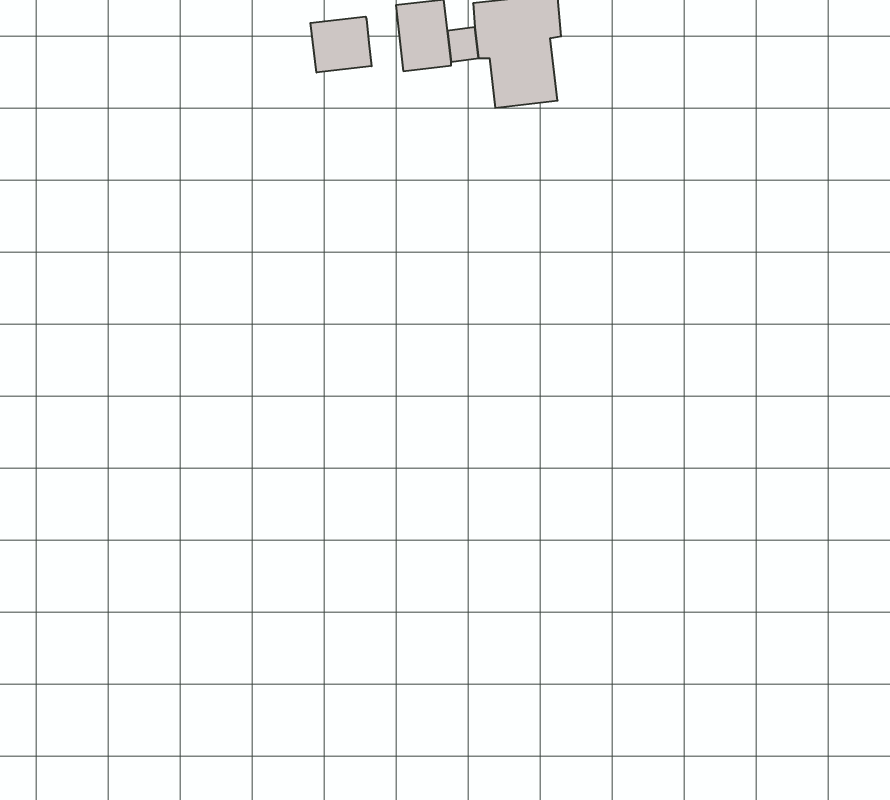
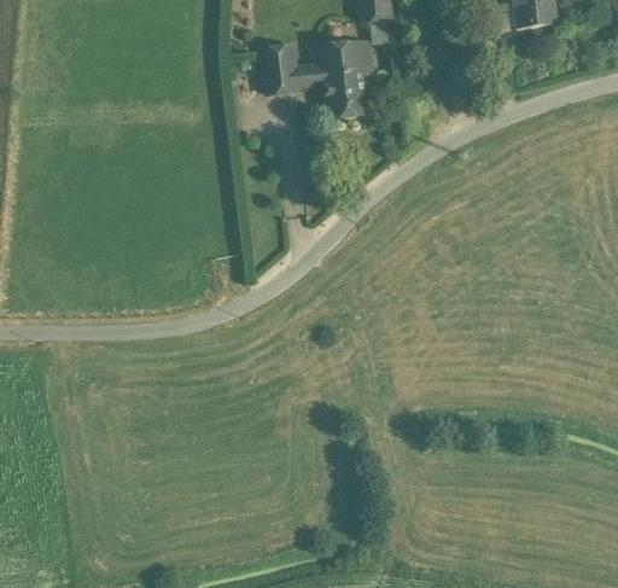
building: [310,17,372,73] -> none

